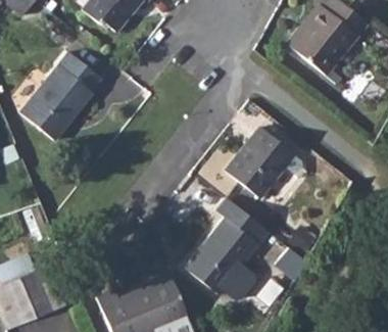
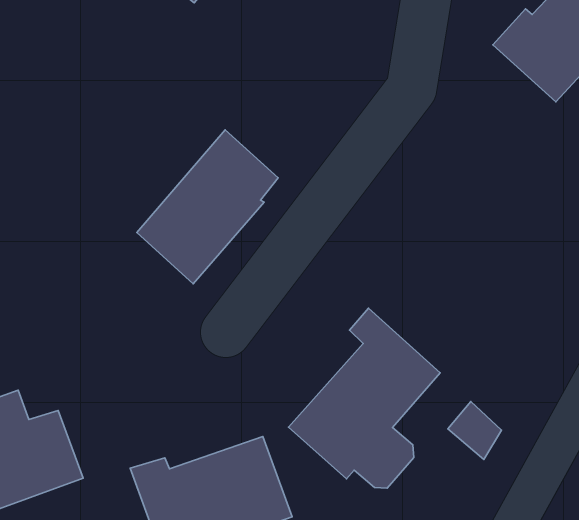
building: [21,50,100,139] -> [137,130,278,284]
building: [226,127,294,198] -> none

